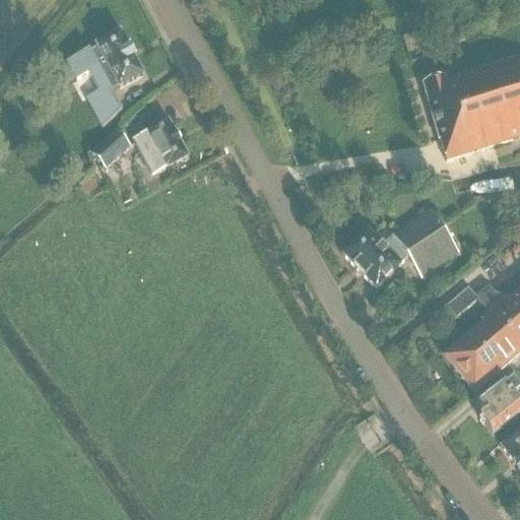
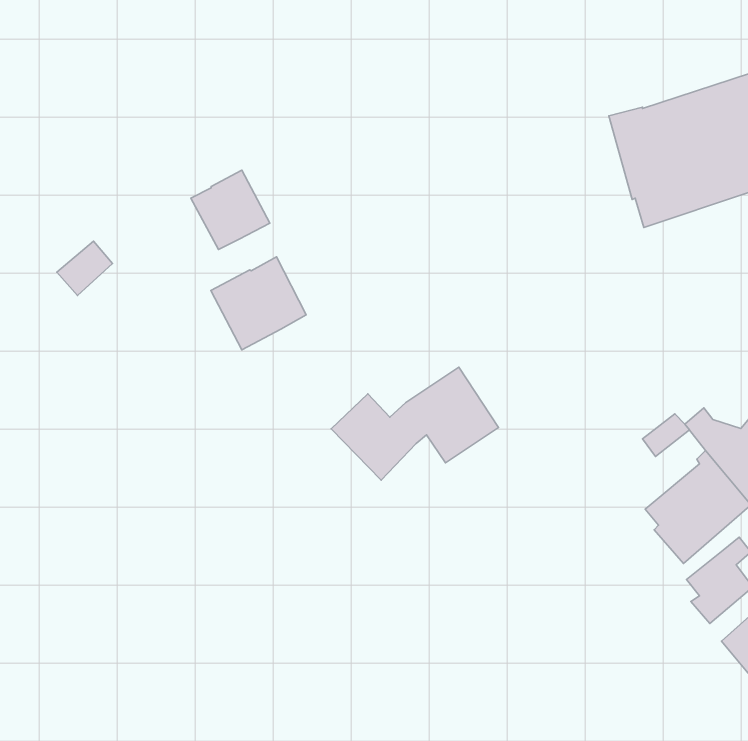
building: [67,29,143,124] -> none
building: [91,129,130,167] -> [57,241,113,296]
building: none -> [211,257,306,350]
building: [342,208,458,286] -> [331,367,498,480]

